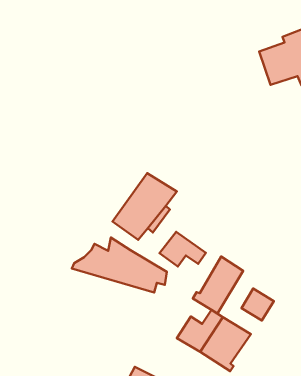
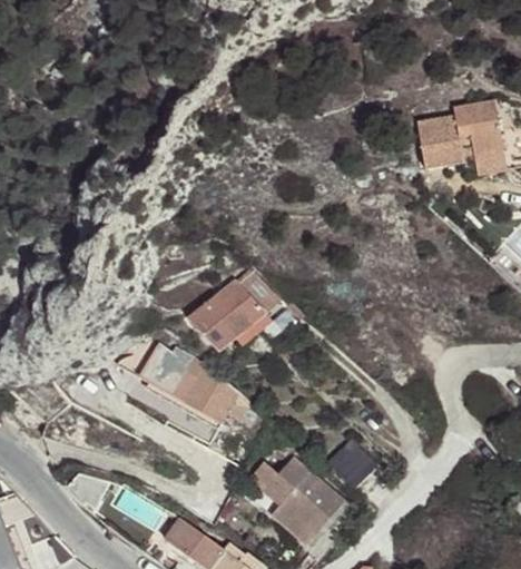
building: [160,232,206,266] -> none
building: [193,256,243,313] -> none

